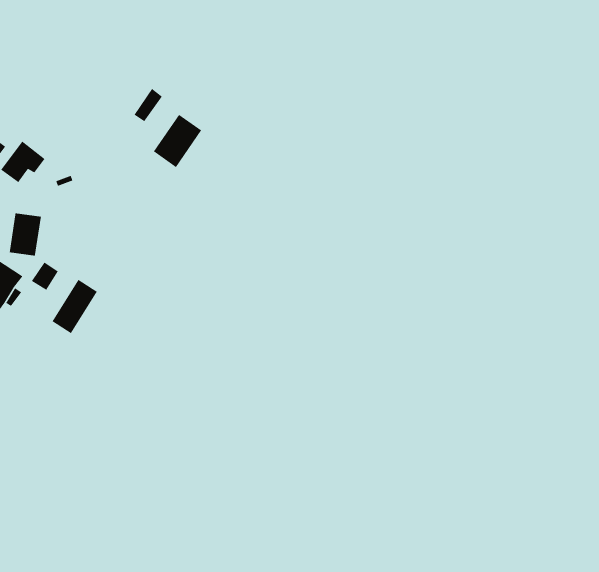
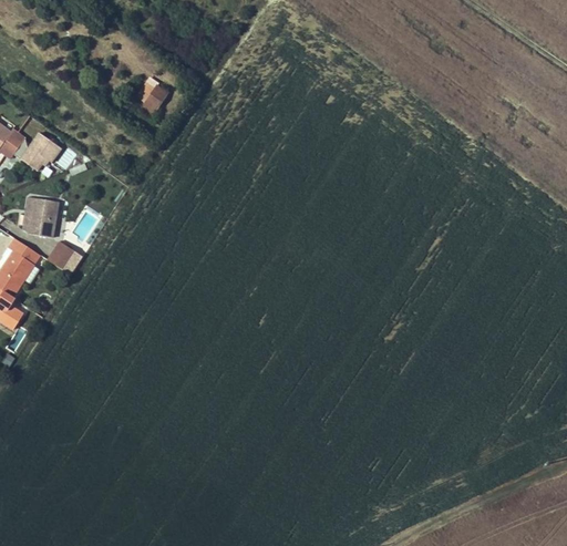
building: [153,114,202,168] -> none
building: [52,279,98,334] -> none

